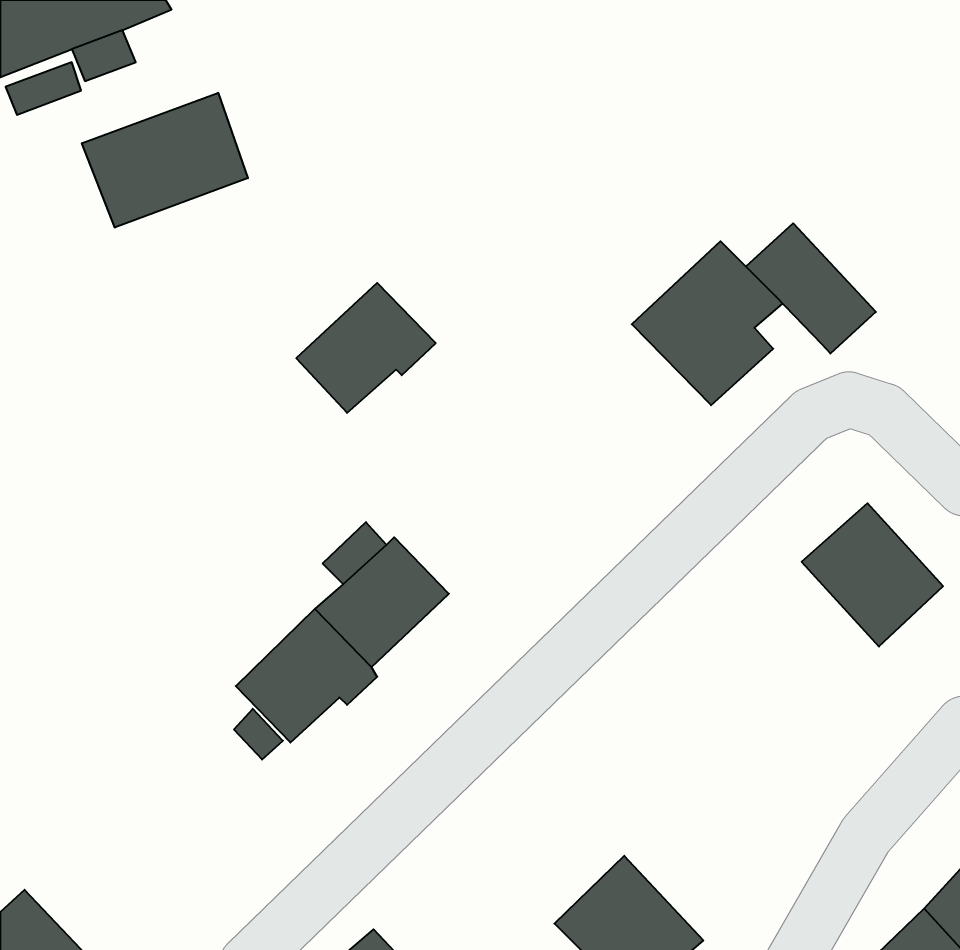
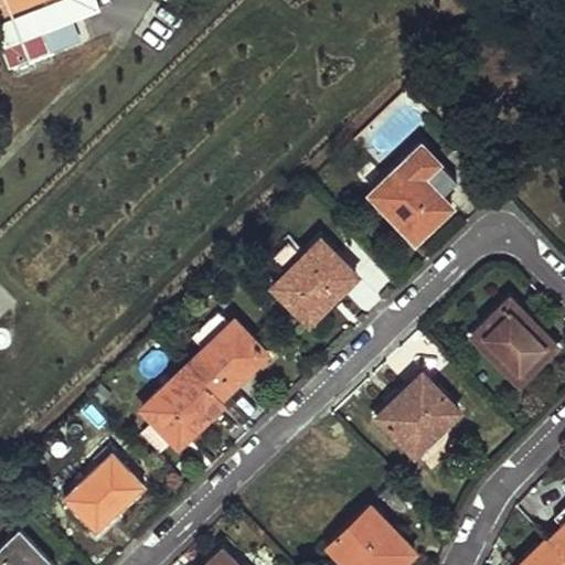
building: [82,93,248,228] -> none
building: [746,223,876,354] -> none
building: [296,283,436,413] -> [275,245,356,321]
building: none -> [380,372,463,454]
building: none -> [64,445,145,531]

